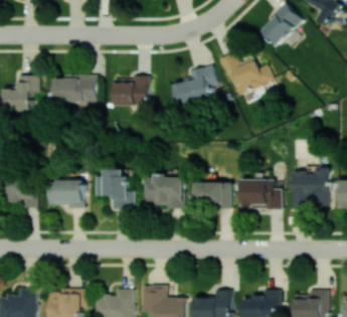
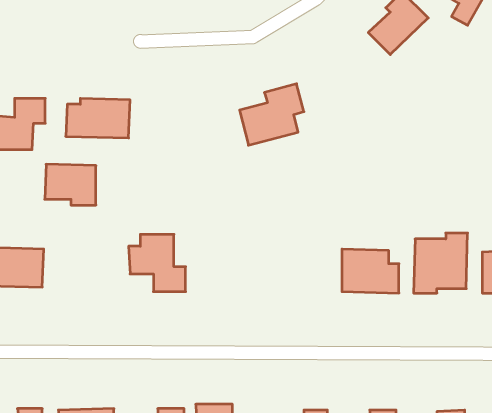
building: [219,52,273,96] -> none
building: [113,75,147,107] -> none
building: [146,176,184,209] -> none
building: [48,180,83,208] -> [45,164,96,205]
building: [195,183,232,208] -> none

